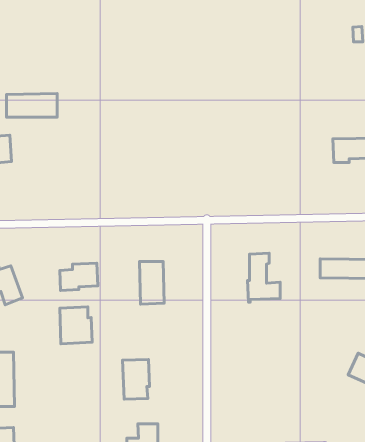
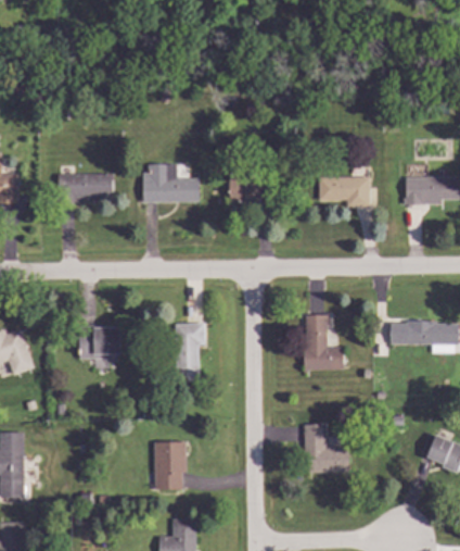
building: [6,94,57,117] -> [52,173,113,201]
building: none -> [143,164,200,202]
building: none -> [320,176,370,208]
building: none -> [226,180,269,201]
building: [60,307,92,344] -> none
building: none -> [303,424,350,473]

